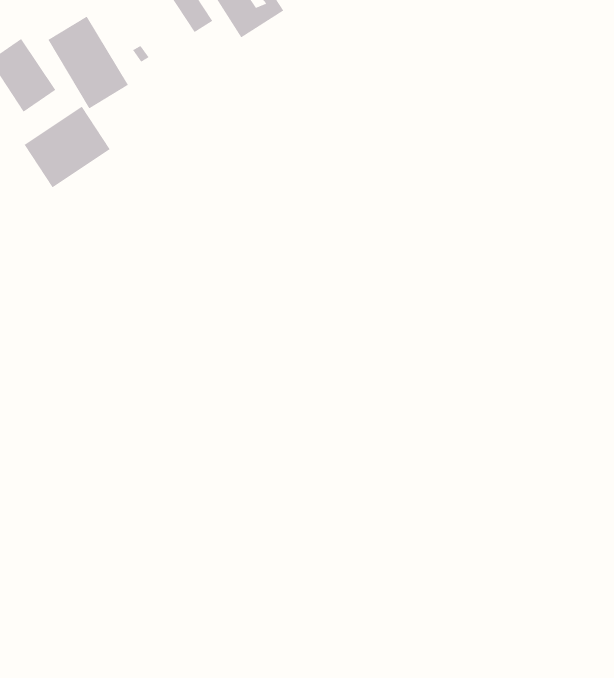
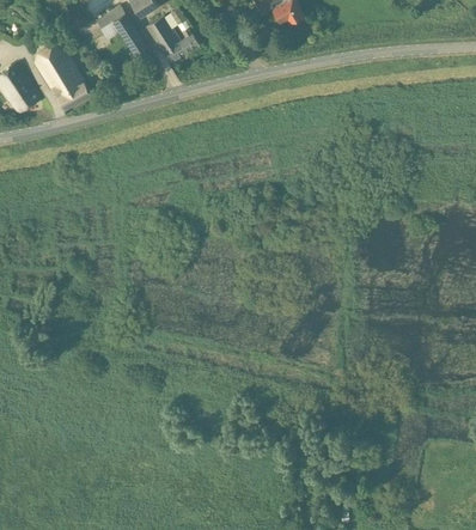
building: [24,106,111,188] -> none

